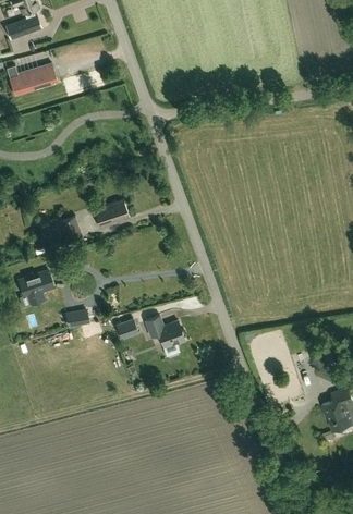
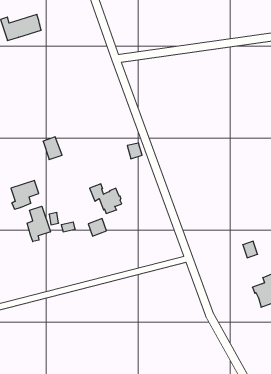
building: [94,199,129,228] -> none
building: none -> [27,206,50,242]
building: [145,316,185,353] -> [90,184,122,213]

